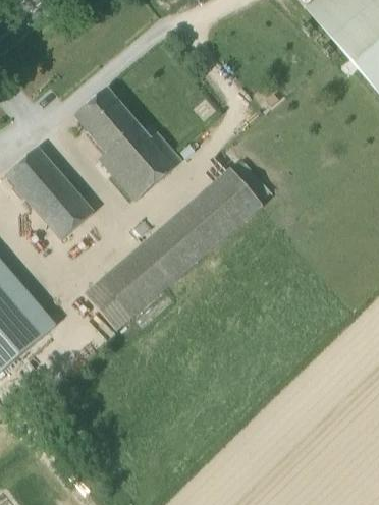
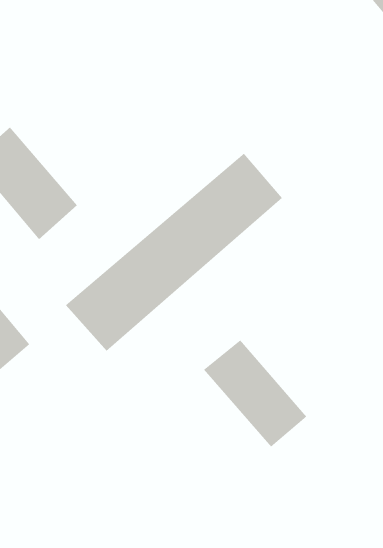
building: [75,89,181,200] -> none
building: none -> [203,339,307,447]

